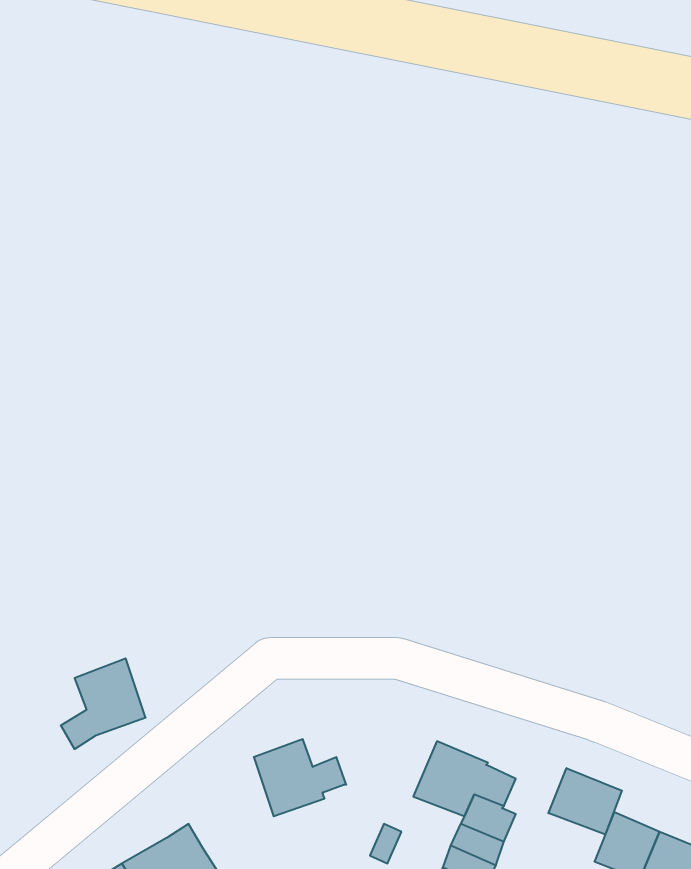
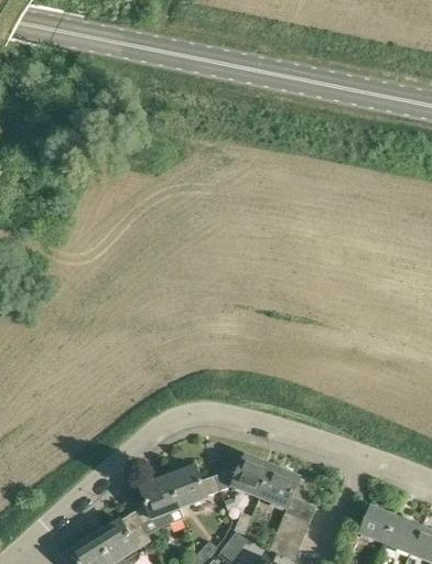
building: [61,658,146,749] -> [133,475,181,525]
building: none -> [216,455,272,507]
building: [548,768,622,835] -> none

